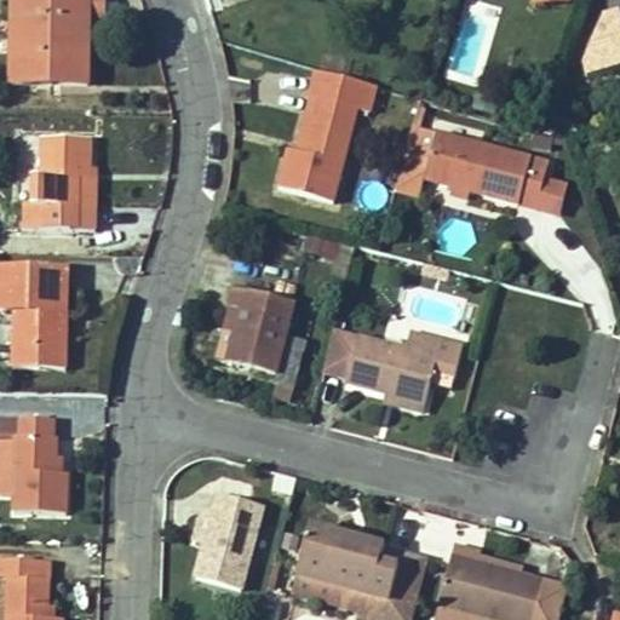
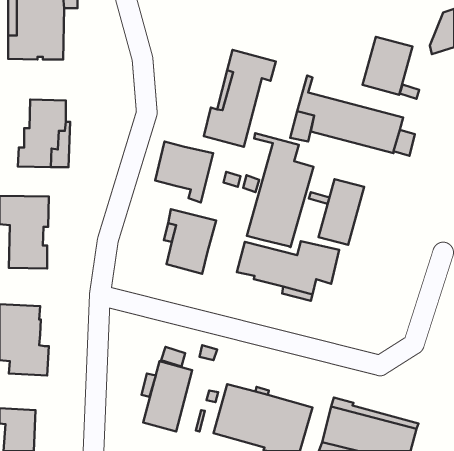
building: none -> [363,37,413,95]
building: none -> [247,133,313,247]
building: none -> [155,142,213,202]
building: none -> [318,179,364,245]

